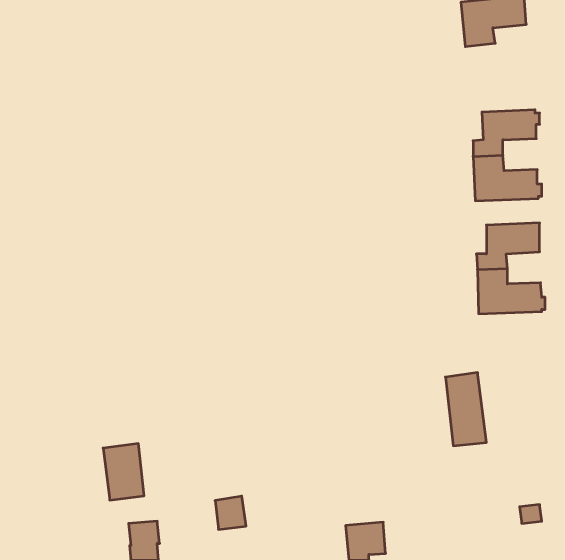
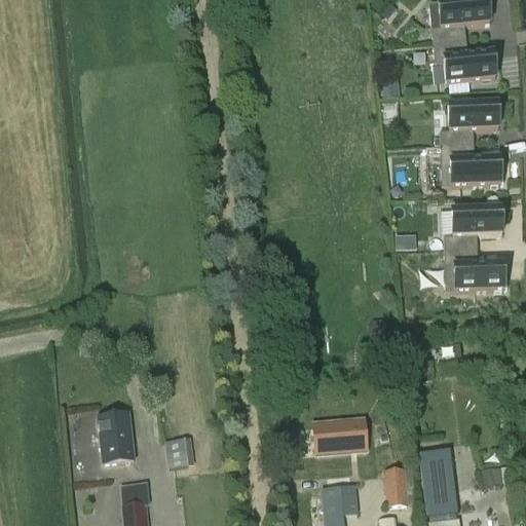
building: none -> [433,40,495,83]
building: [445,373,486,446] -> [420,447,458,515]
building: none -> [313,420,366,453]
building: [215,496,246,529] -> [165,437,194,467]
building: none -> [383,468,408,506]

